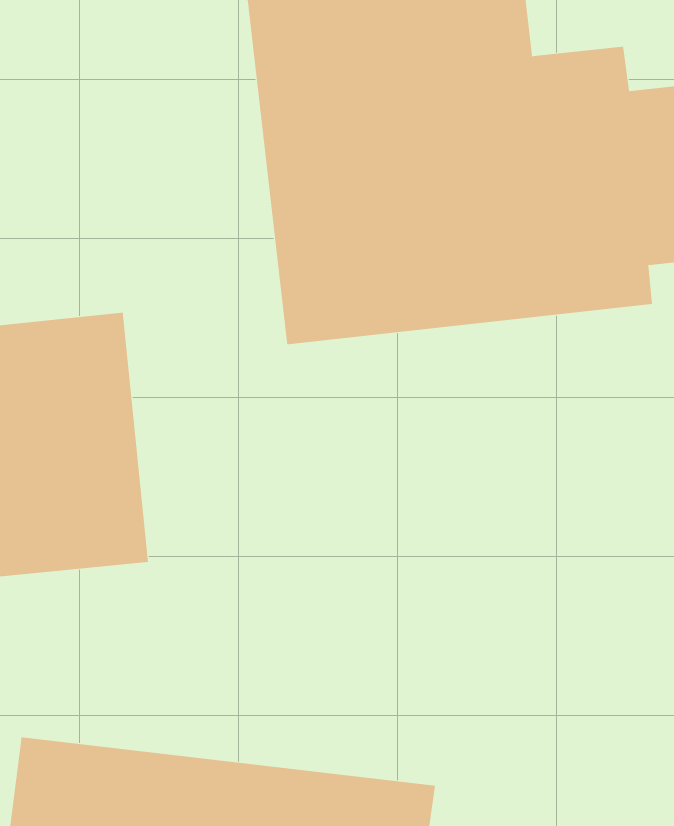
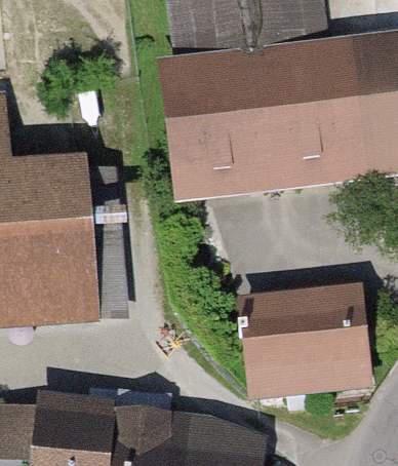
building: none -> [243,301,373,394]

